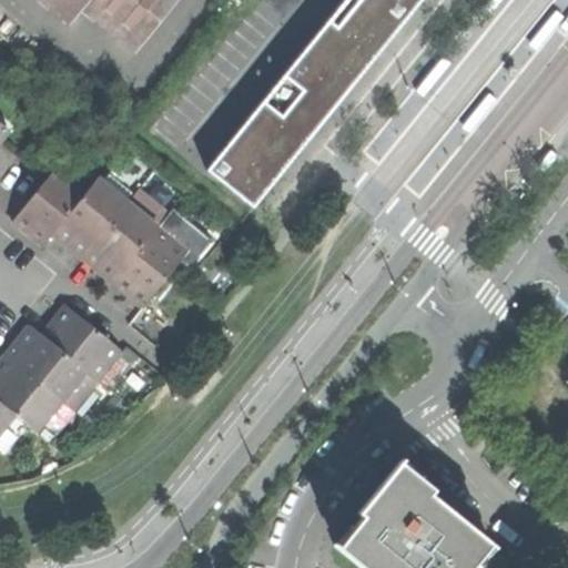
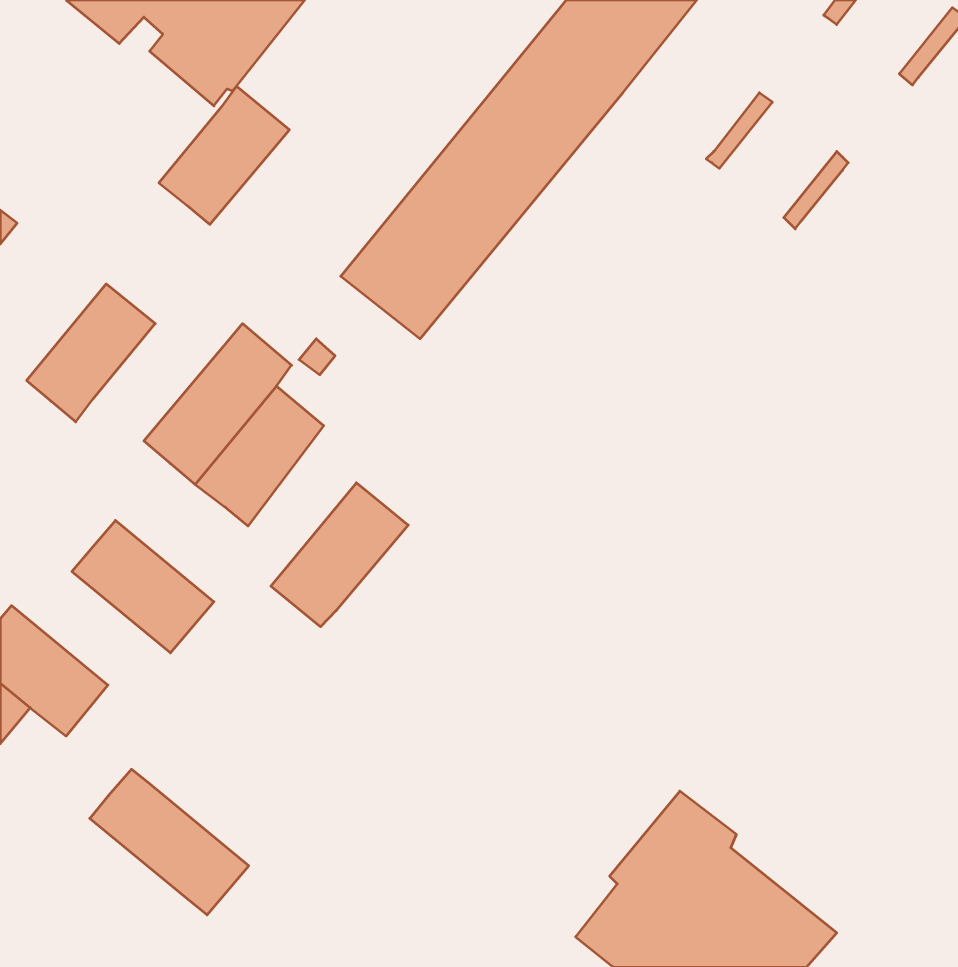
building: [60,178,136,258] -> [159,86,289,224]
building: none -> [271,483,408,627]
building: [12,326,105,412] -> [90,769,249,915]

